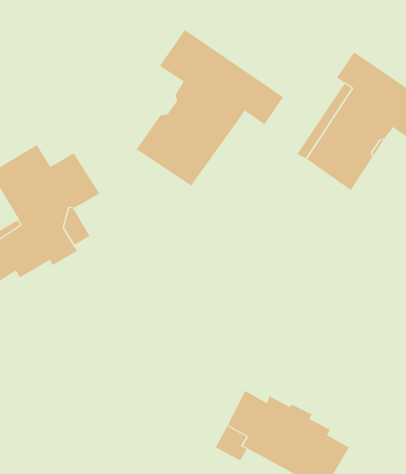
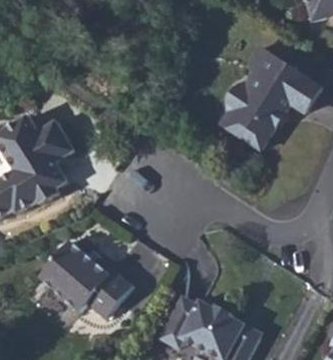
building: [136,29,284,187] -> none
building: none -> [40,241,132,319]

